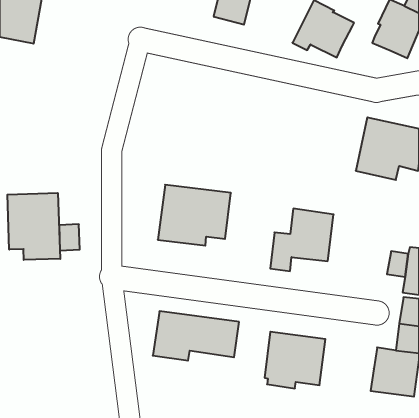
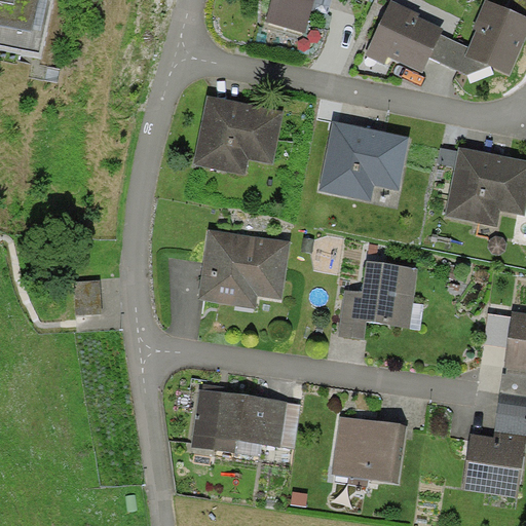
building: none -> [428,33,489,73]
building: none -> [192,97,285,177]
building: none -> [320,122,410,199]
building: [7,193,60,260] -> none

